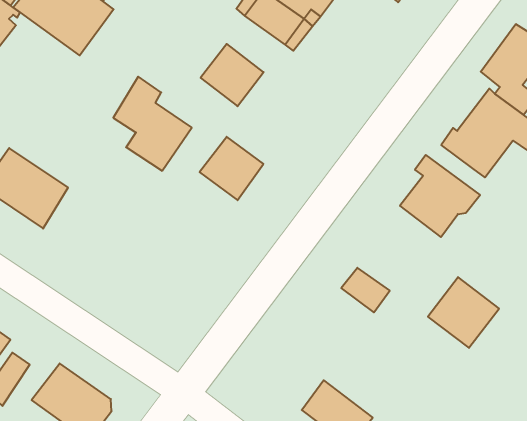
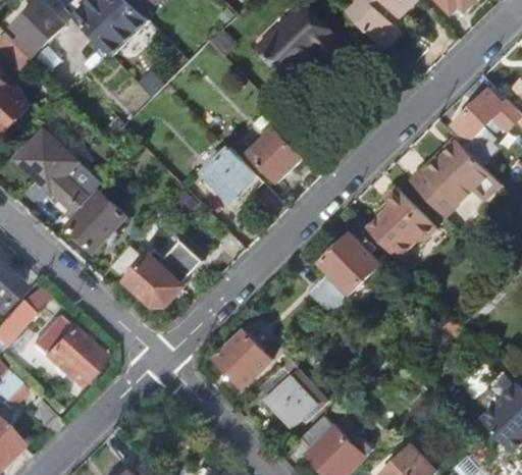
building: [201,44,264,106] -> [250,129,304,183]
building: [113,77,192,171] -> [61,170,126,253]
building: none -> [112,241,202,305]
building: [428,277,499,348] -> [319,232,380,294]
building: none -> [213,330,271,387]

